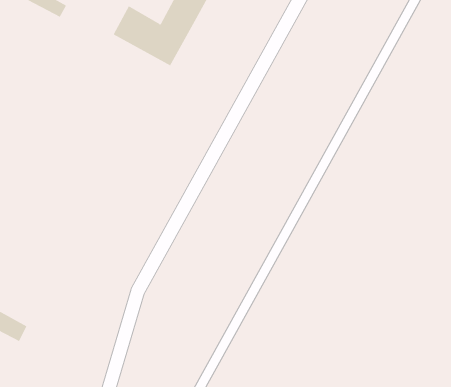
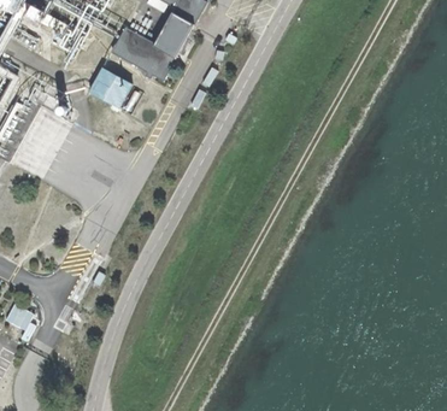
building: none -> [88,69,133,111]

